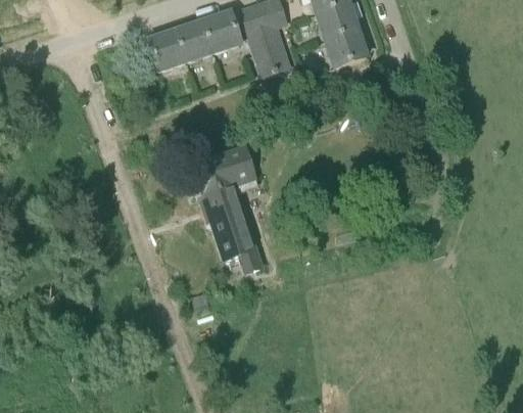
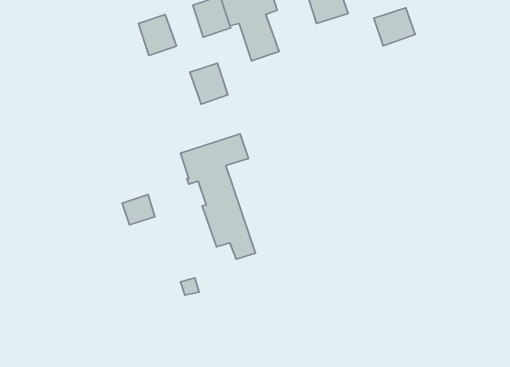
building: [175,20,212,61] -> [190,63,228,104]
building: [325,29,366,66] -> [374,8,415,46]
building: none -> [122,195,155,225]

